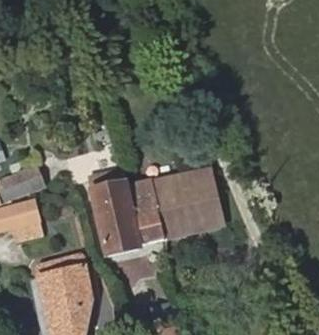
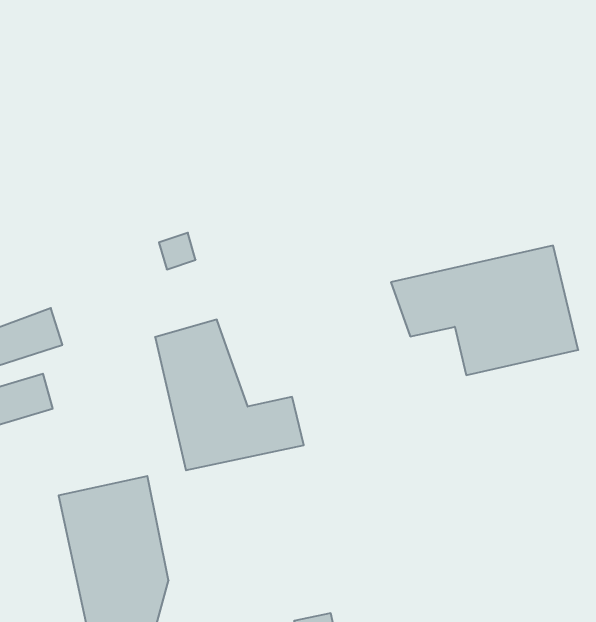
building: [126,171,223,238] -> [391,246,578,375]

